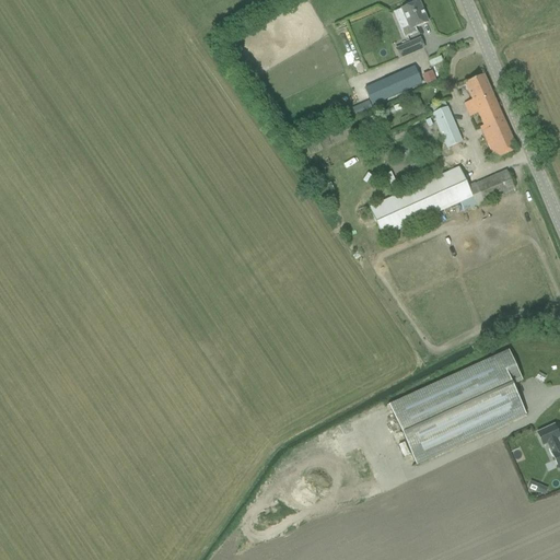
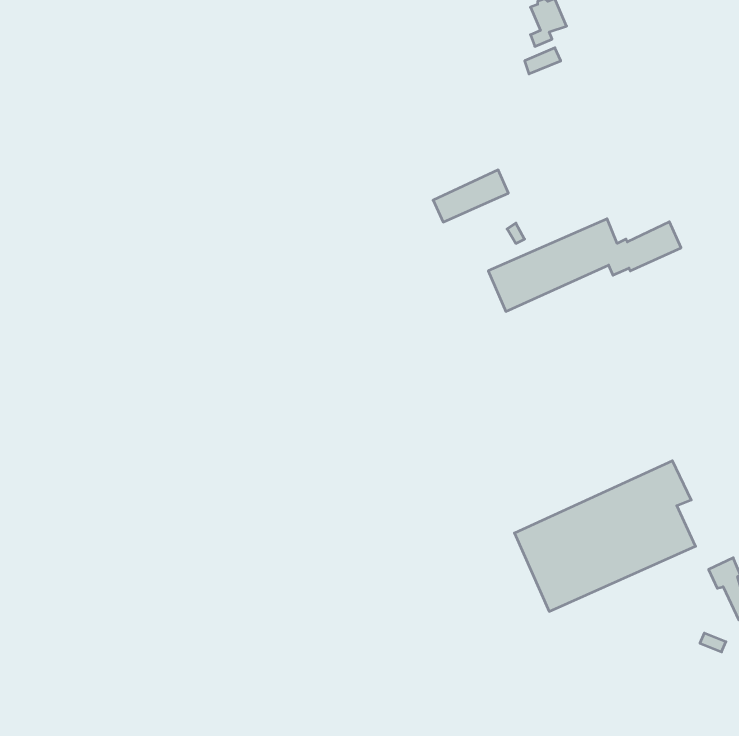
building: [365,63,422,103] -> [433,170,508,222]
building: [465,72,517,158] -> none
building: [432,105,462,147] -> none

